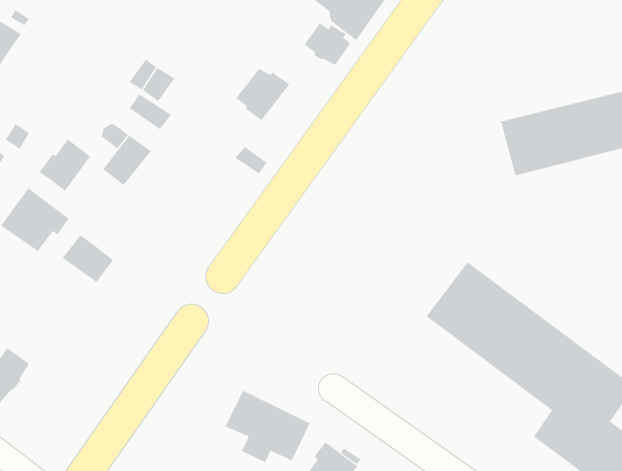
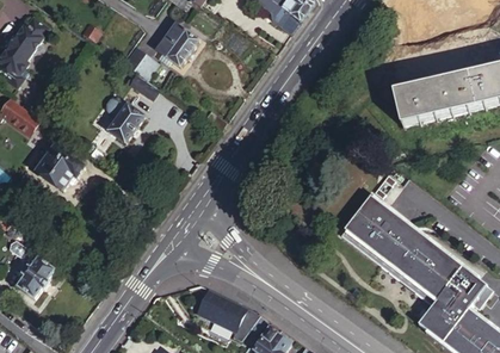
building: [304,22,351,66] -> none
building: [236,68,290,121] -> [158,26,197,64]
building: [39,139,91,192] -> none
building: [62,235,114,283] -> none

